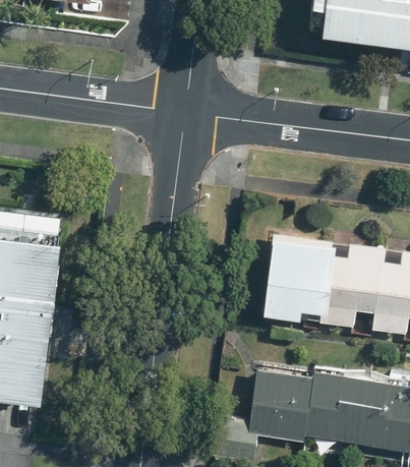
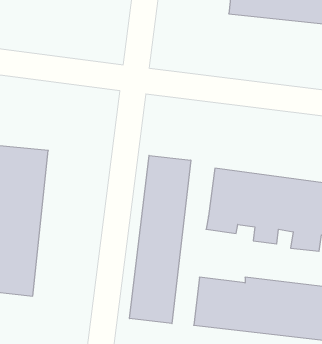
building: none -> [130,155,191,324]

